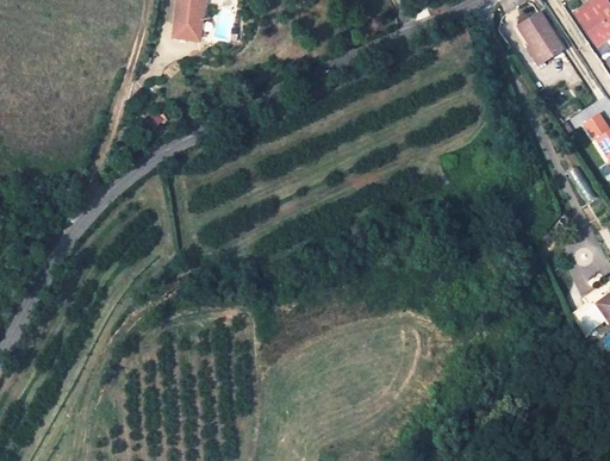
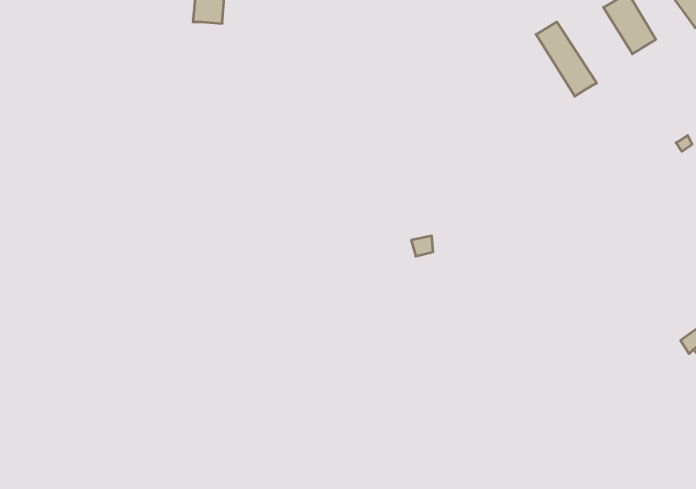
building: none -> [536,22,597,96]

